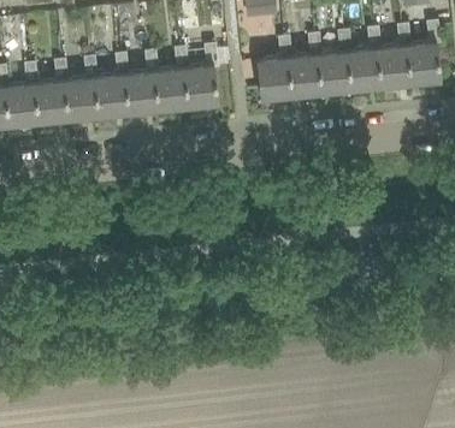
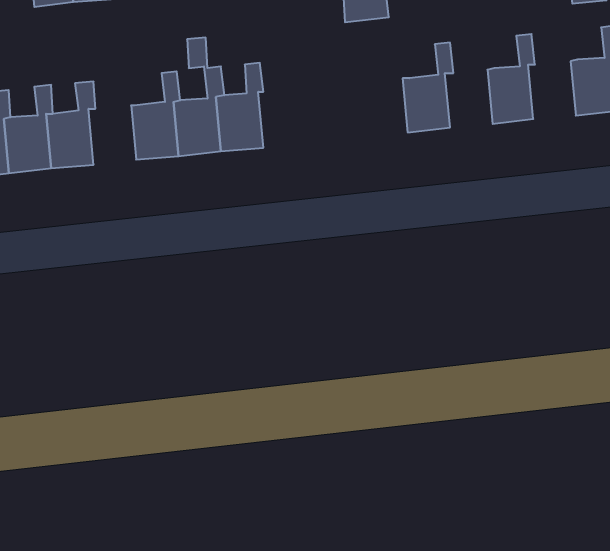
building: [376,24,410,88] -> none
building: [317,31,351,94] -> none
building: [256,37,291,101] -> none
building: [184,46,218,108] -> none
building: [64,58,98,120] -> none

